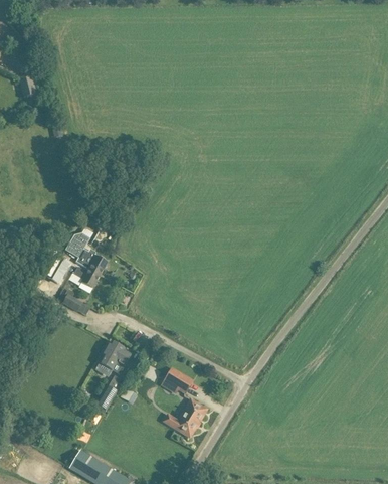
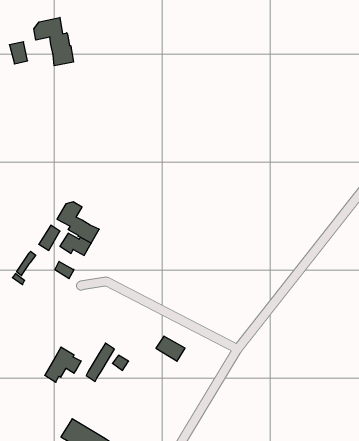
building: none -> [34,17,73,66]
building: [95,339,132,374] -> [45,347,81,382]
building: [162,398,207,437] -> none

